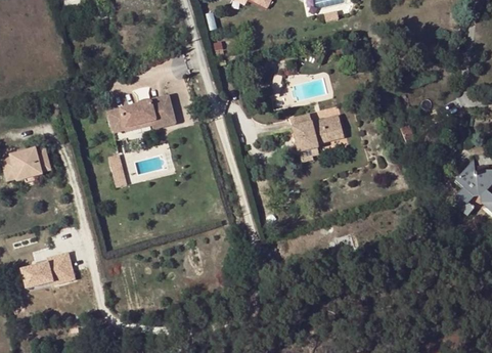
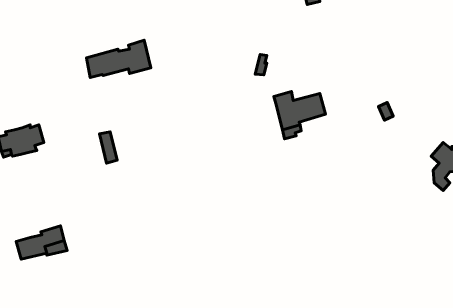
building: [108,94,176,133] -> [86,40,151,78]

